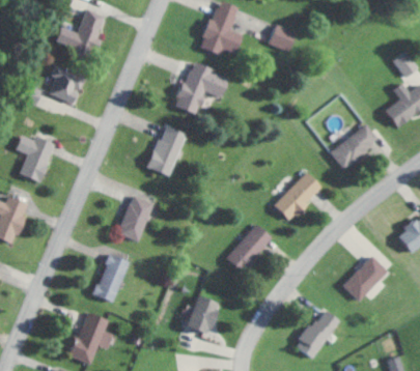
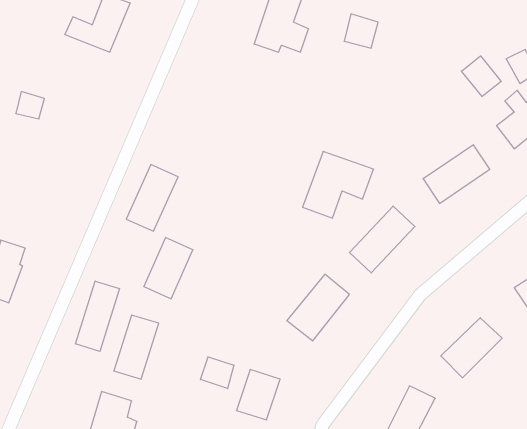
building: none -> [461,56,501,97]
building: [175,63,229,114] -> [303,151,373,218]
building: [48,65,85,105] -> none
building: [146,125,186,176] -> [126,165,178,231]
building: [15,135,55,182] -> none
building: none -> [75,281,120,351]
building: none -> [201,357,234,389]

